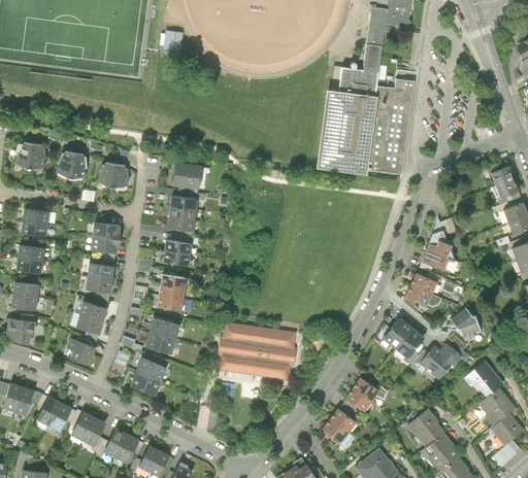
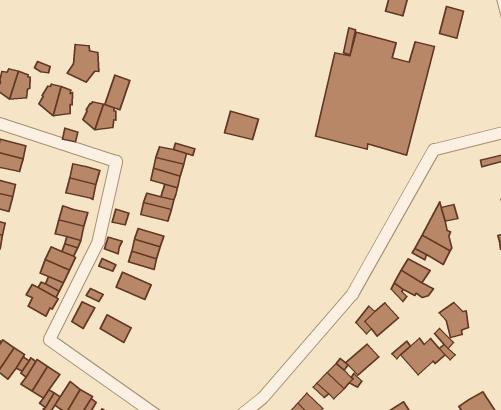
building: [363,45,383,73] -> [440,7,464,38]
building: none -> [67,44,99,82]
building: none -> [105,75,130,110]
building: [172,164,202,187] -> [224,111,258,140]
building: [218,323,297,382] -> none
building: [396,328,426,357] -> [346,344,379,375]
building: [144,332,176,354] -> none
building: [464,358,504,396] -> none
building: [132,372,162,396] -> none

